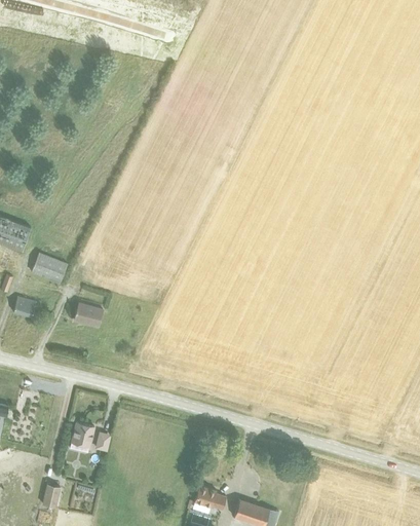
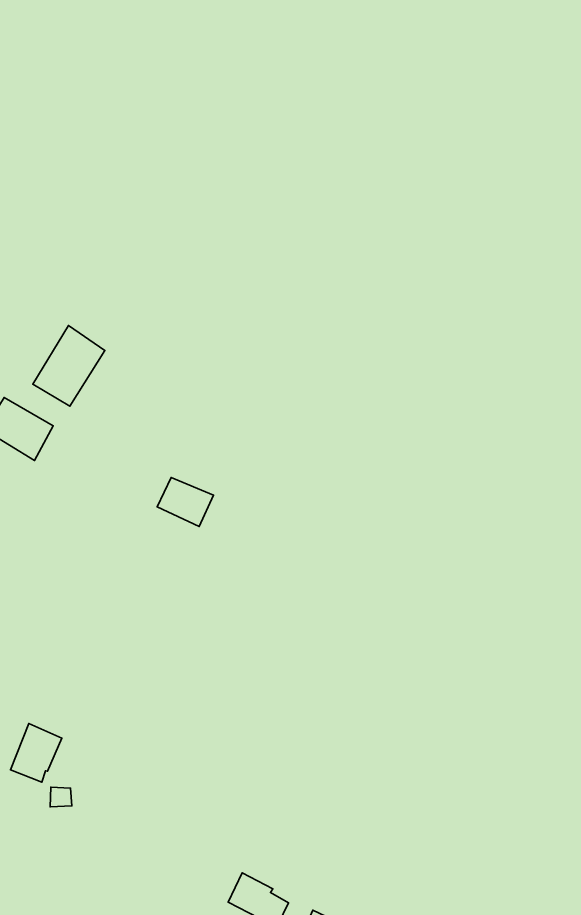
building: none -> [33,326,105,406]
building: [74,303,103,327] -> [157,477,213,526]

